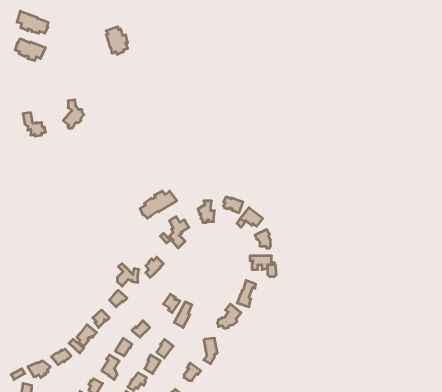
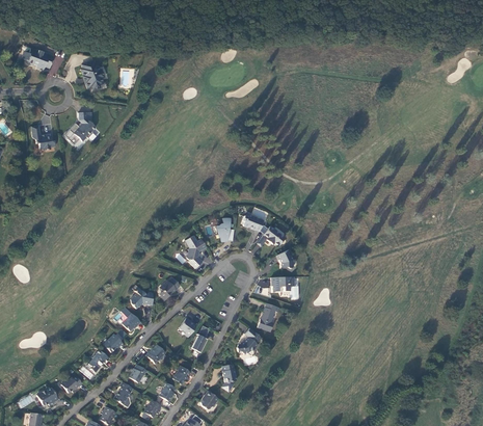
building: [17,11,48,33] -> none
building: [106,27,128,54] -> [80,60,103,89]
building: [140,191,177,218] -> none

